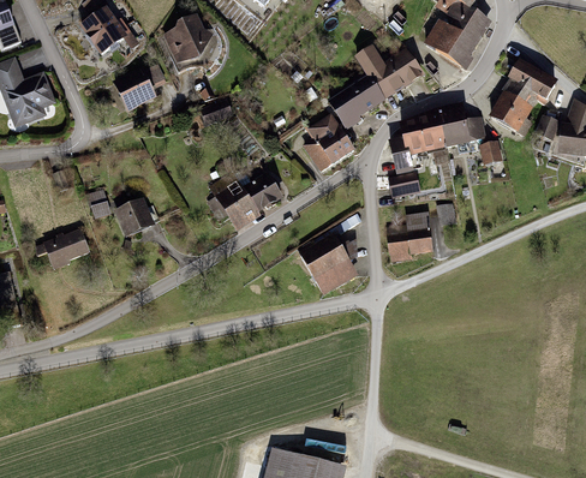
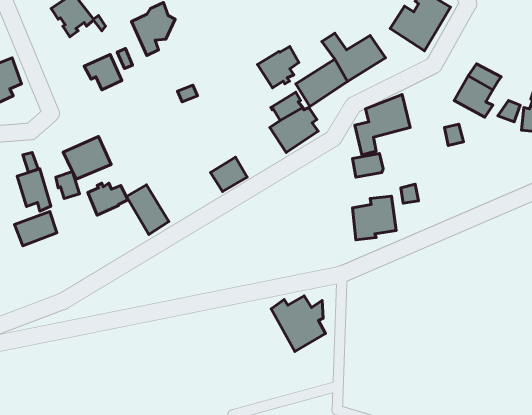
building: none -> [257,47,299,88]
building: [509,64,555,103] -> none
building: [438,106,483,154] -> none
building: none -> [63,137,111,179]
building: [213,173,256,223] -> [126,185,169,234]
building: none -> [17,169,51,211]
building: [299,237,354,293] -> [271,296,326,351]

